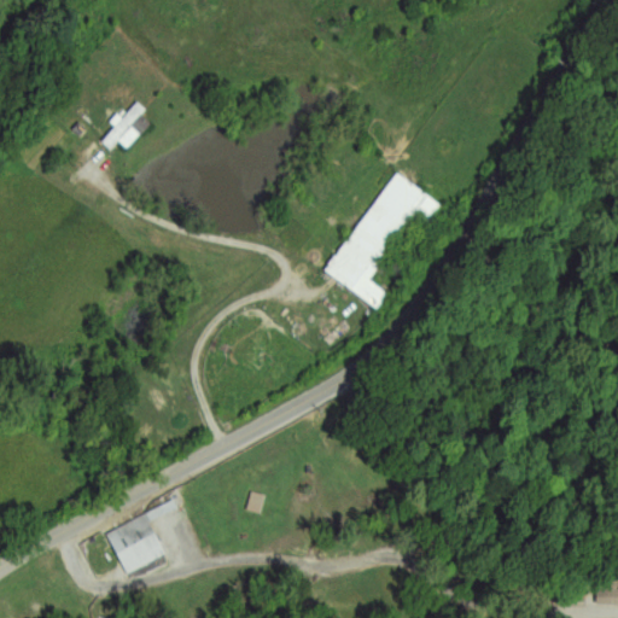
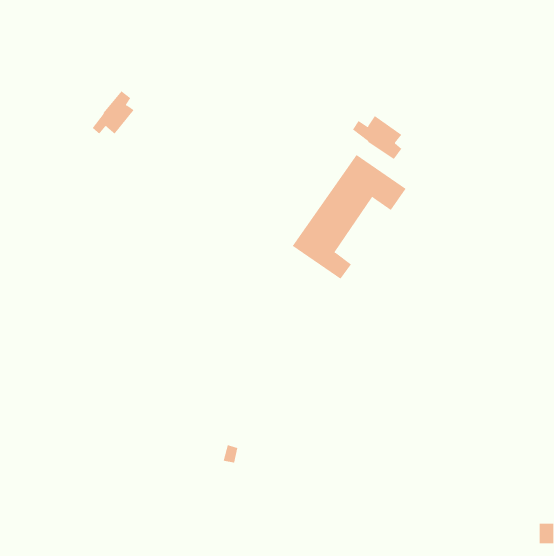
building: none -> [352,115,402,160]
building: [109,518,164,573] -> none

